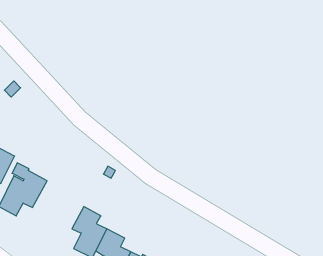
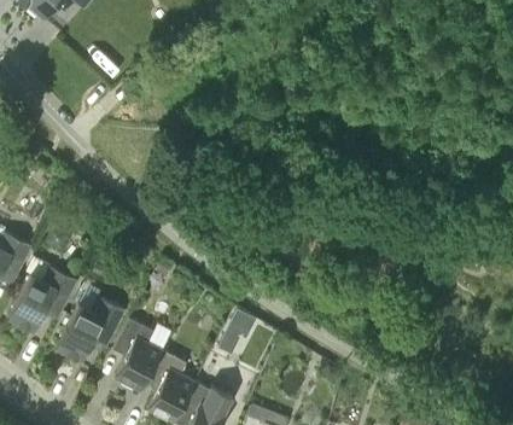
building: none -> [57,298,126,361]
building: none -> [218,309,257,354]

